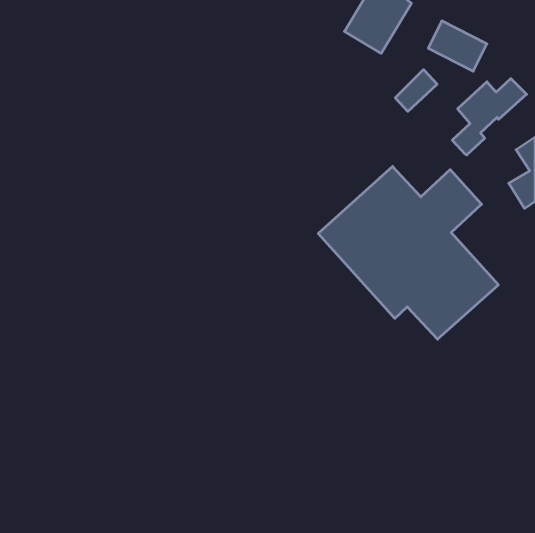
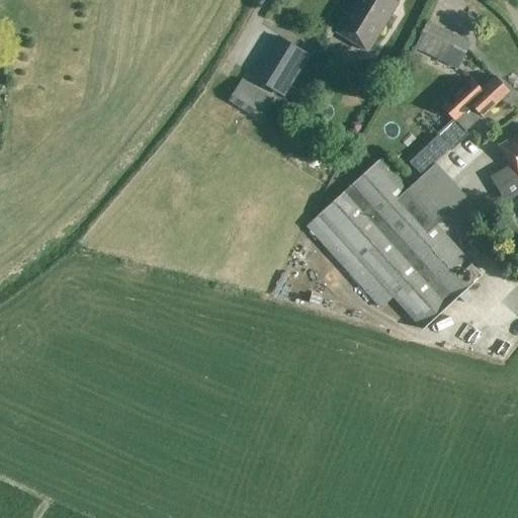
building: none -> [252,34,301,90]
building: [395,70,437,111] -> [409,135,449,175]
building: none -> [228,78,271,118]

